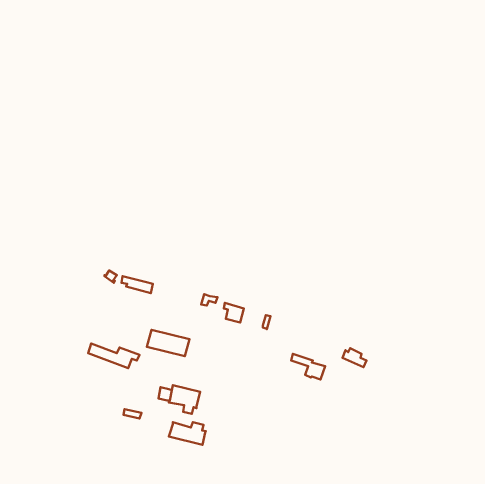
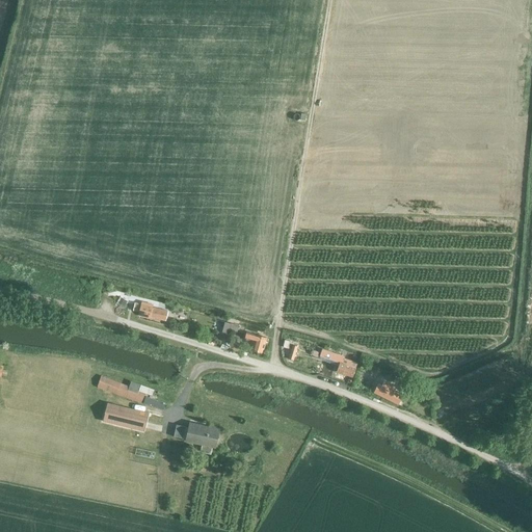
building: [147,330,190,356] -> [102,402,149,431]
building: [291,354,325,379] -> [320,348,357,376]
building: [169,422,206,445] -> none

